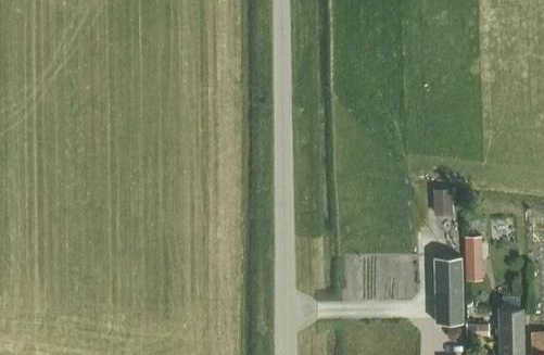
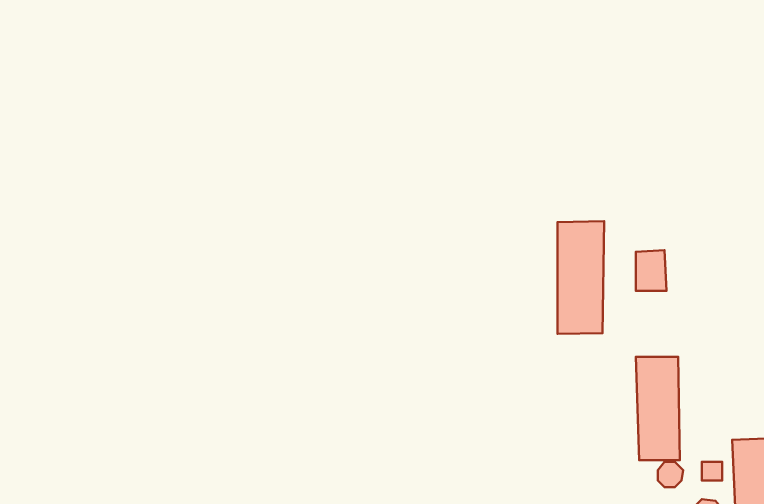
building: none -> [557,221,604,334]
building: [465,237,484,279] -> none

